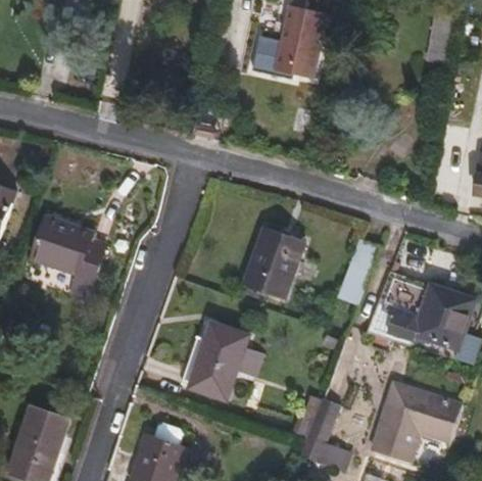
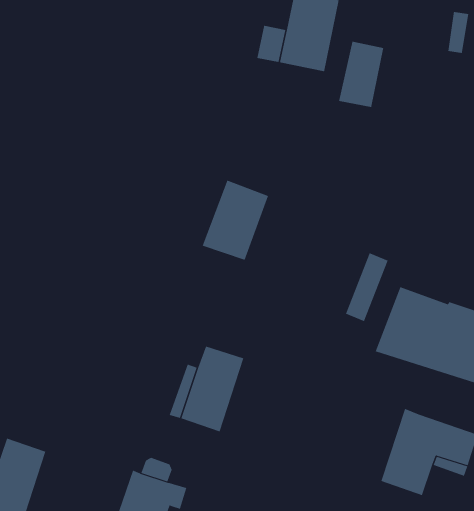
building: none -> [338,41,384,108]
building: [34,217,108,295] -> none
building: [241,227,301,299] -> [202,180,269,261]
building: [299,389,339,461] -> none

